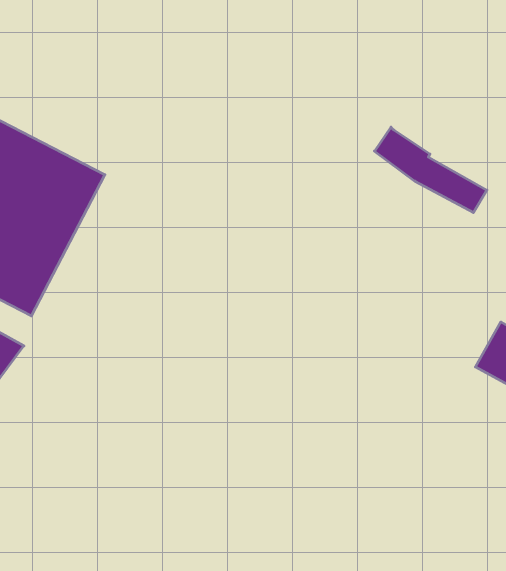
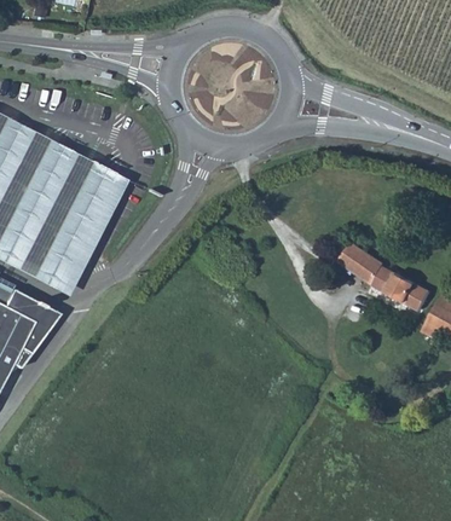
building: [374,127,487,213] -> [340,243,430,312]

